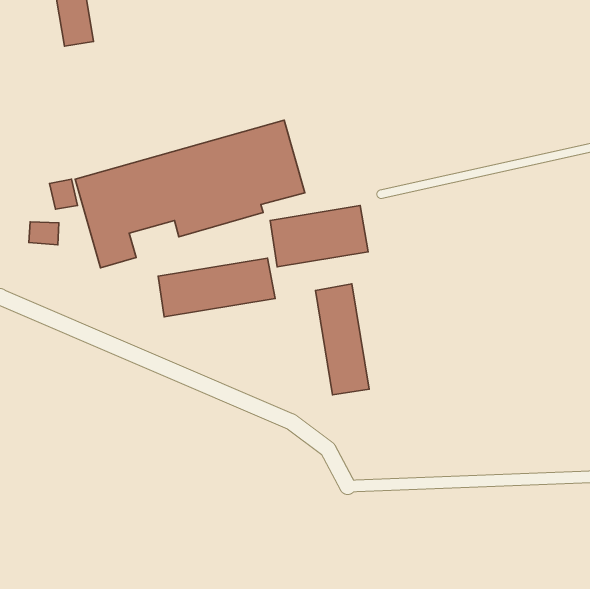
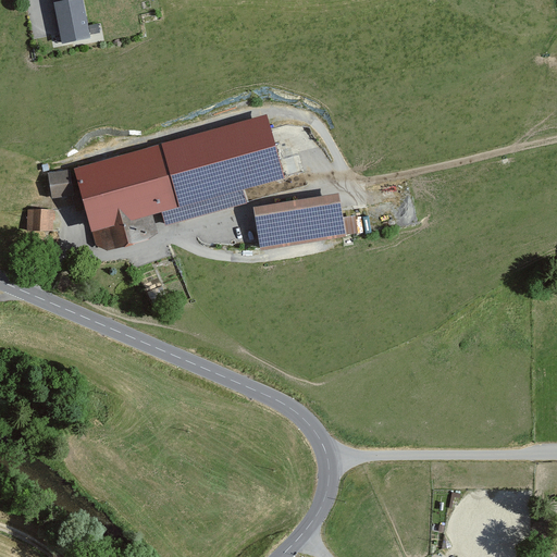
building: [158,258,275,317] -> none
building: [316,284,369,395] -> none

